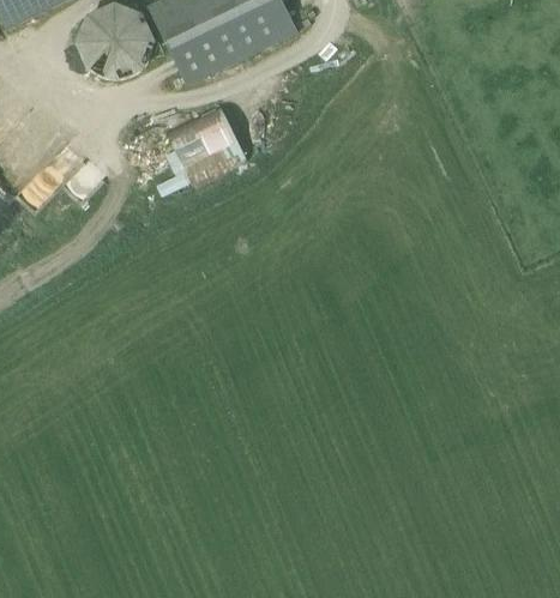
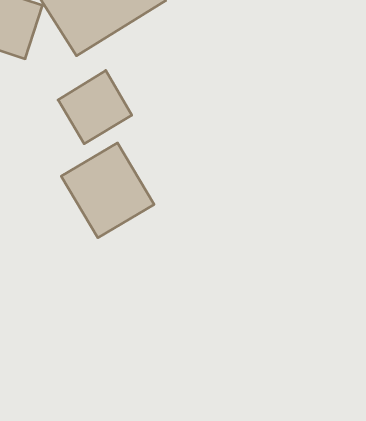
building: none -> [61,143,154,238]

